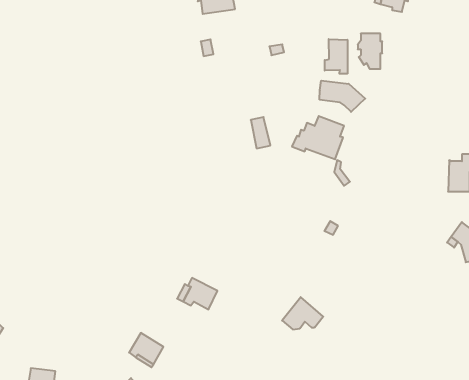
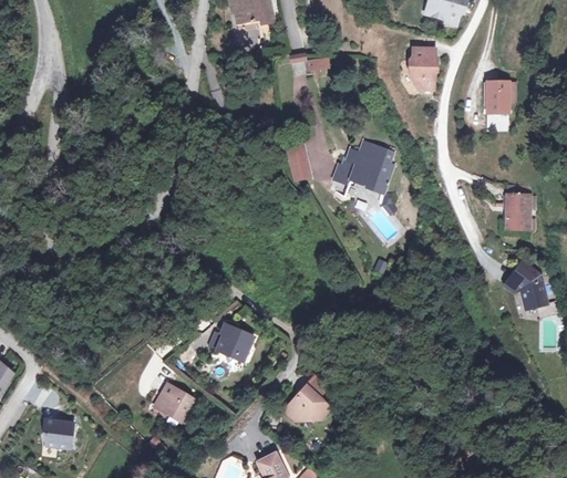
building: [325,39,347,74] -> none
building: none -> [487,81,509,131]
building: [320,81,365,112] -> none
building: [282,297,323,329] -> [284,385,330,422]

